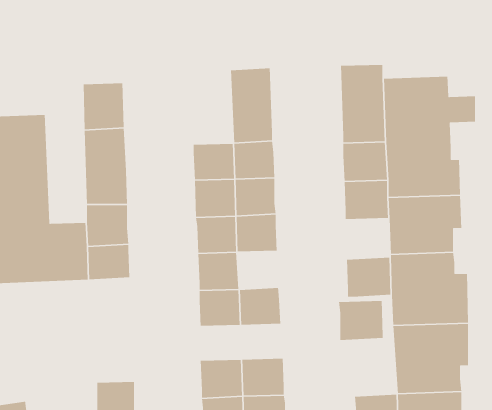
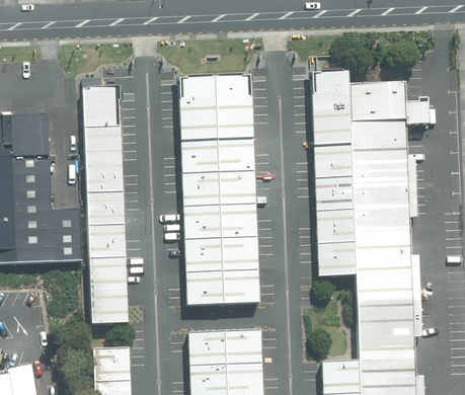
building: none -> [177,79,216,144]
building: none -> [219,237,255,270]
building: none -> [89,260,128,326]
building: [338,300,384,341] -> [313,209,353,244]

